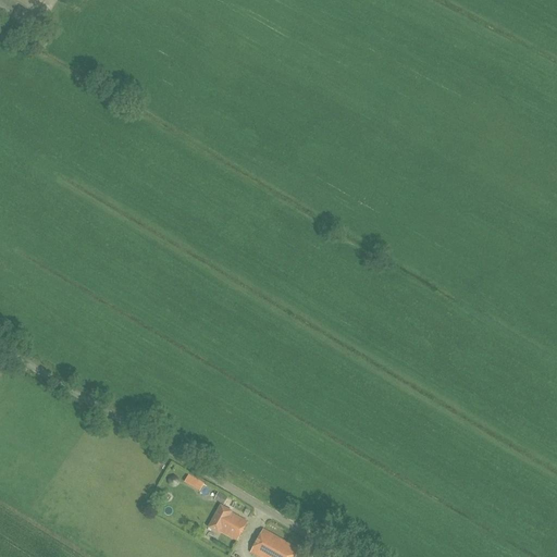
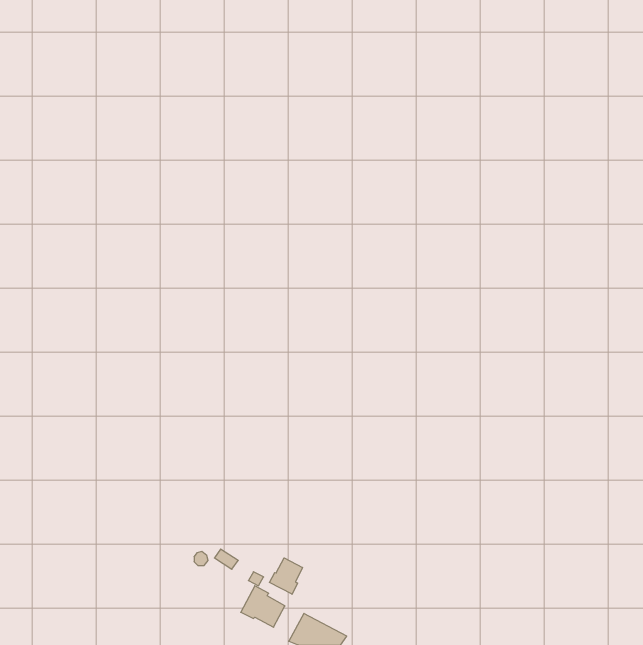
building: none -> [269,558,302,594]

